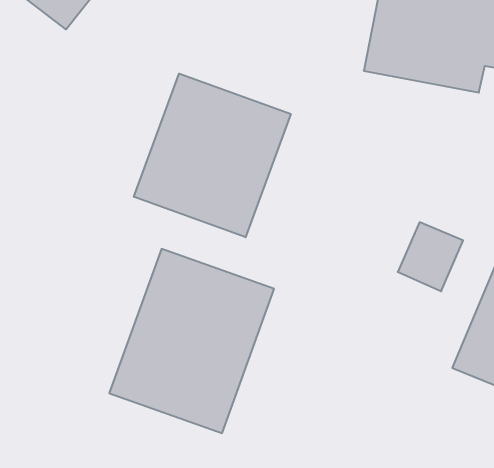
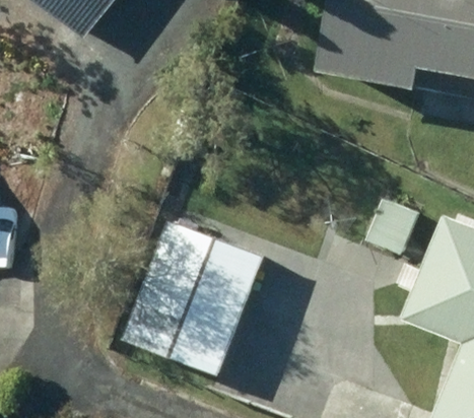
building: [134,74,291,237] -> none

